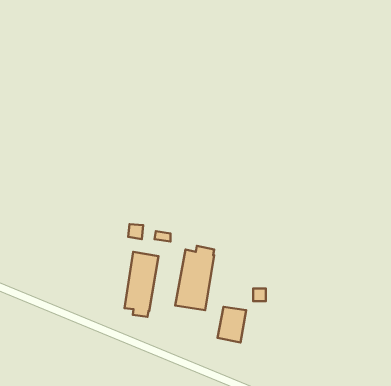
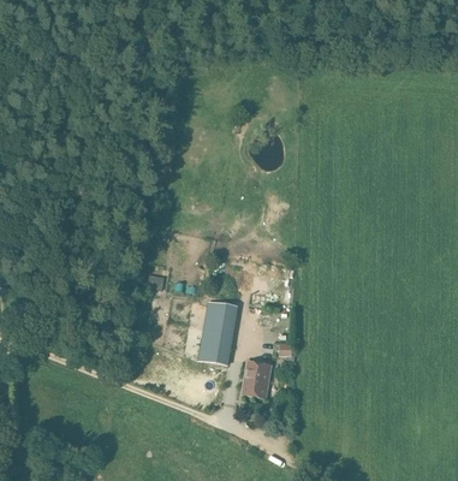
building: [125,252,158,317] -> none

